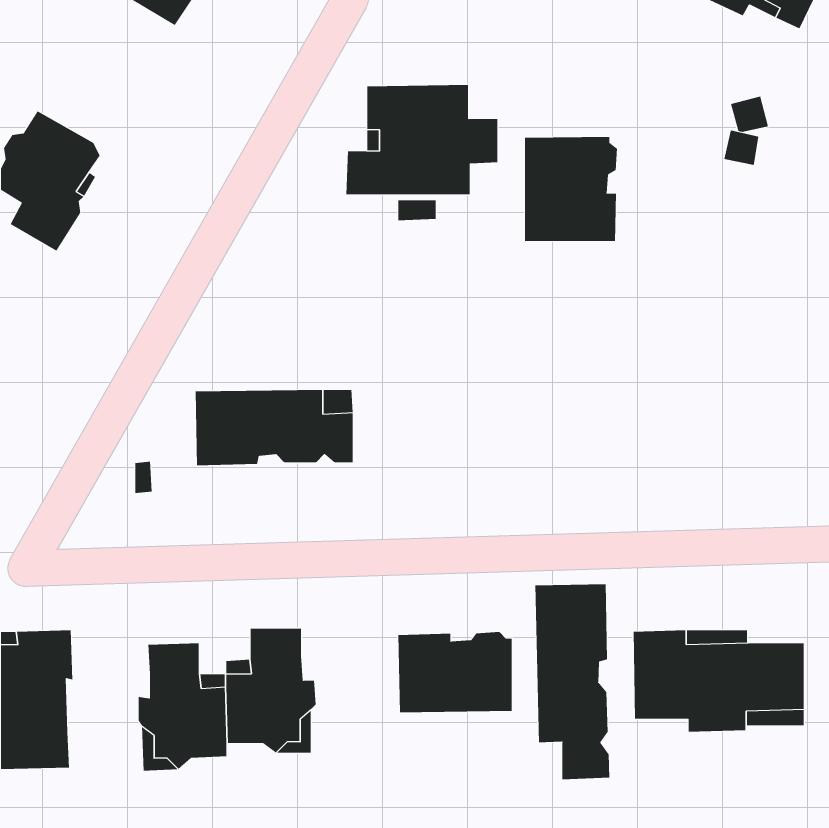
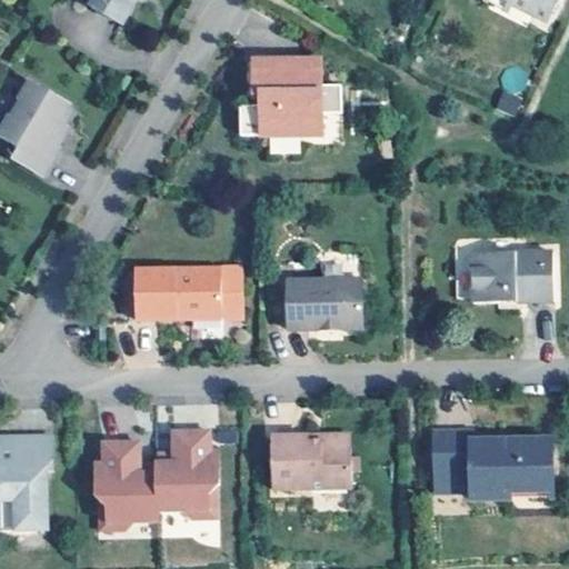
building: [524,136,618,242] -> none
building: none -> [458,249,555,300]
building: none -> [287,279,361,329]
building: [535,584,610,780] -> none

